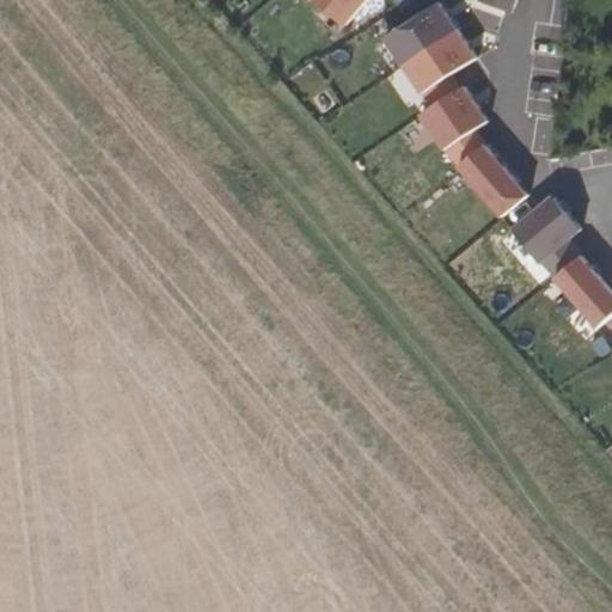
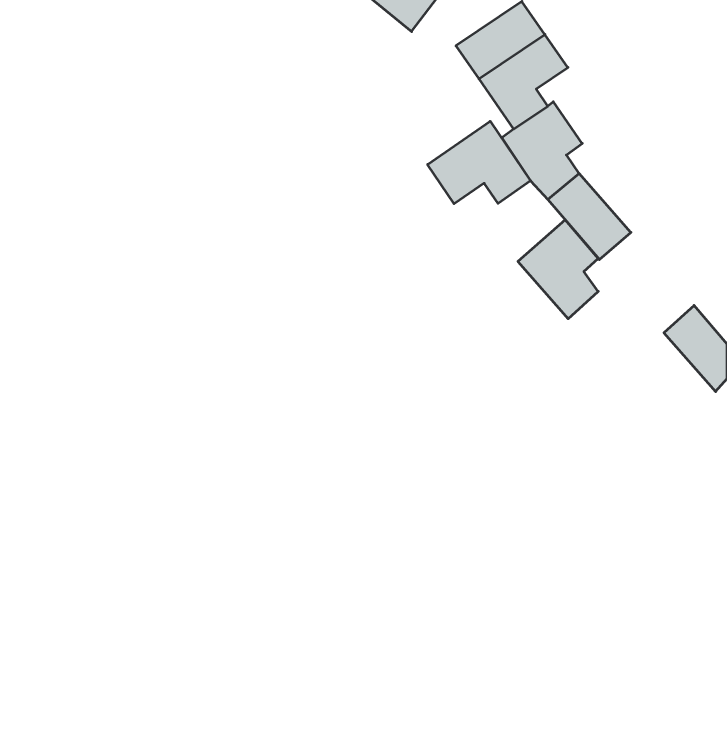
building: none -> [428,121,531,204]
building: [512,195,579,277] -> [518,220,598,319]

